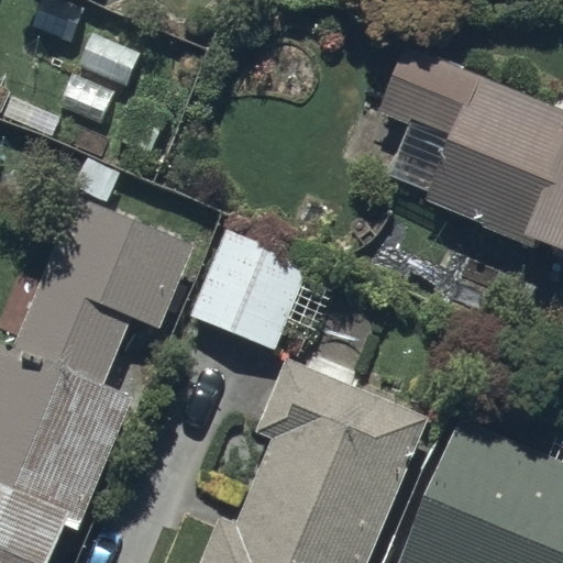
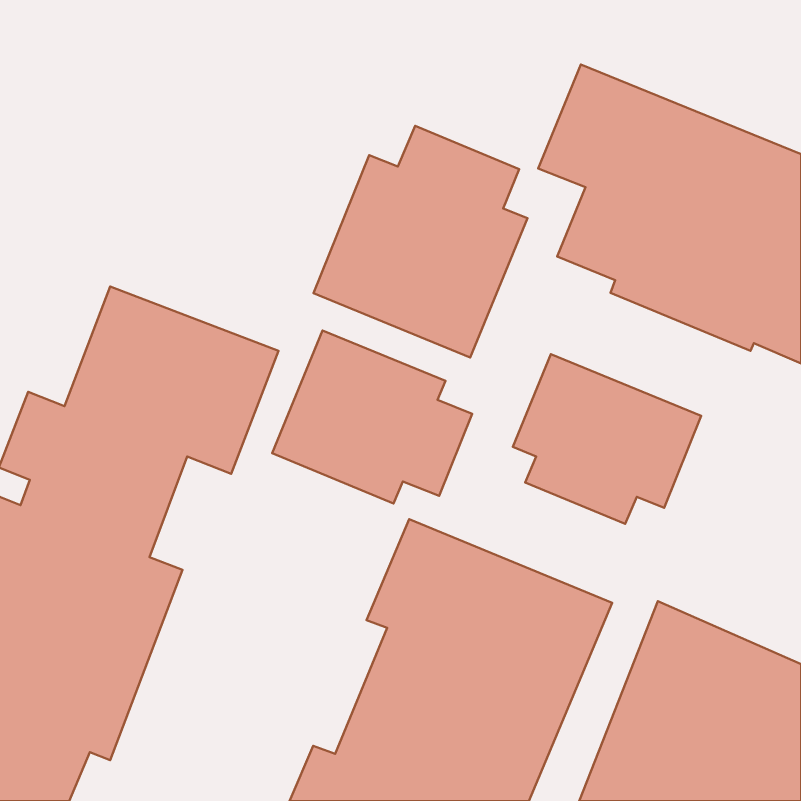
building: none -> [313,126,527,357]
building: none -> [513,354,701,524]

